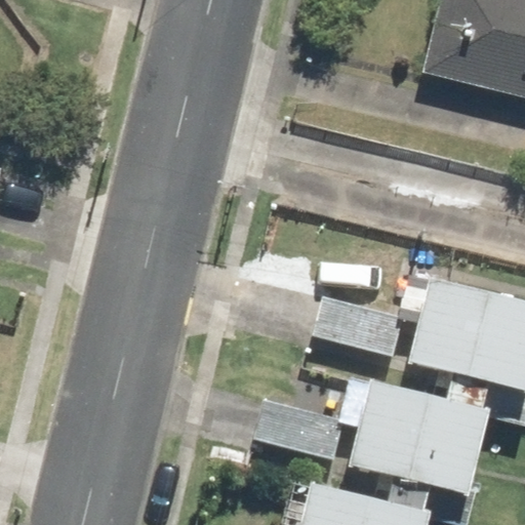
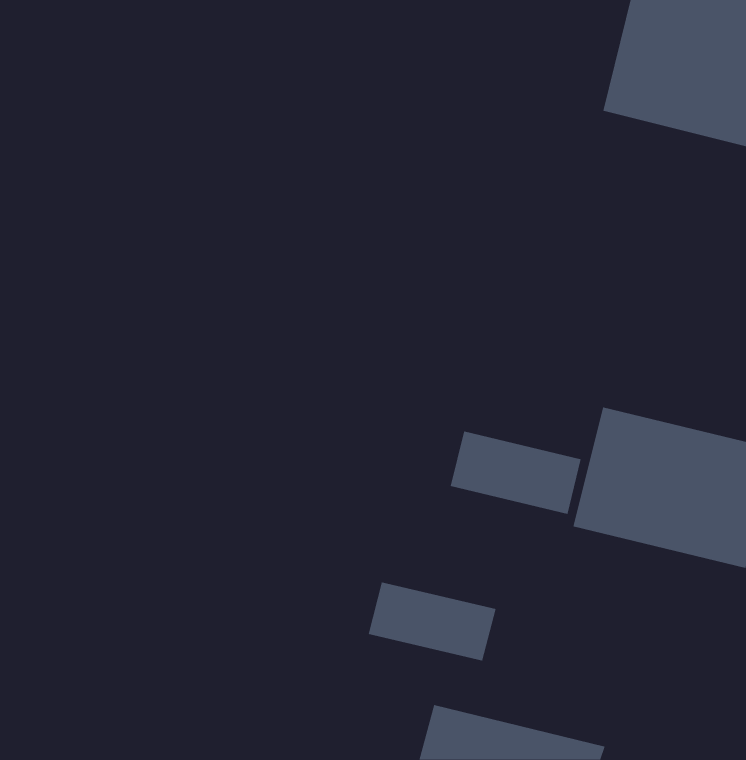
building: [347,380,485,492] -> none

